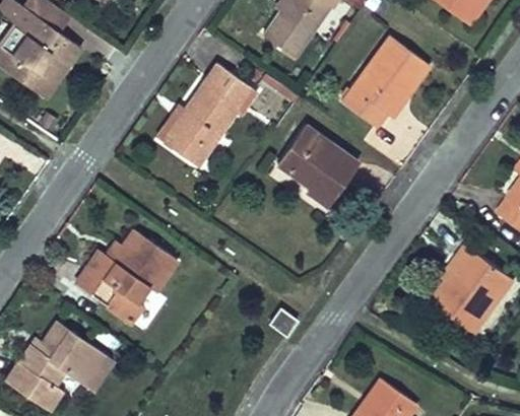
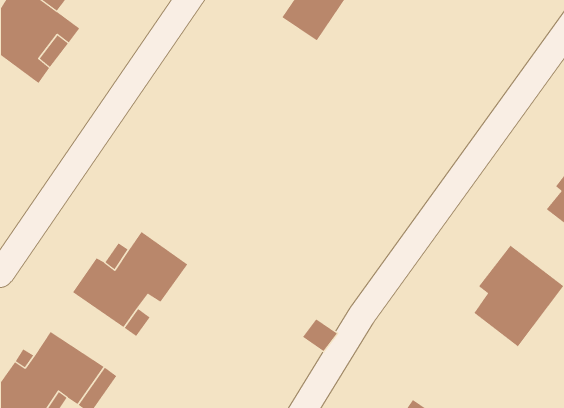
building: [343,41,425,124] -> none
building: [161,67,251,170] -> none
building: [277,127,356,208] -> none

